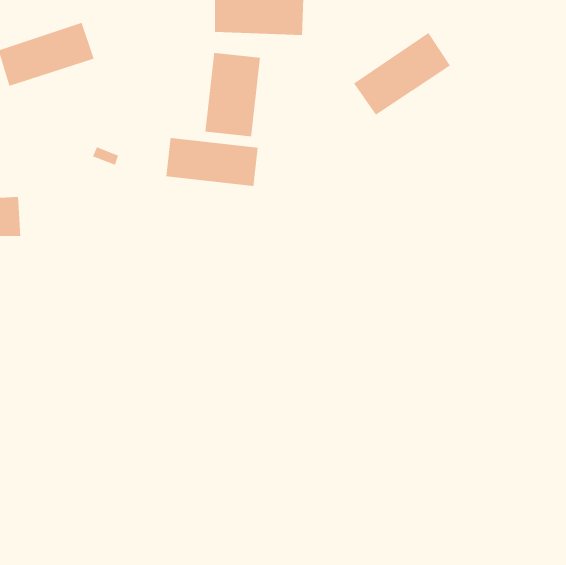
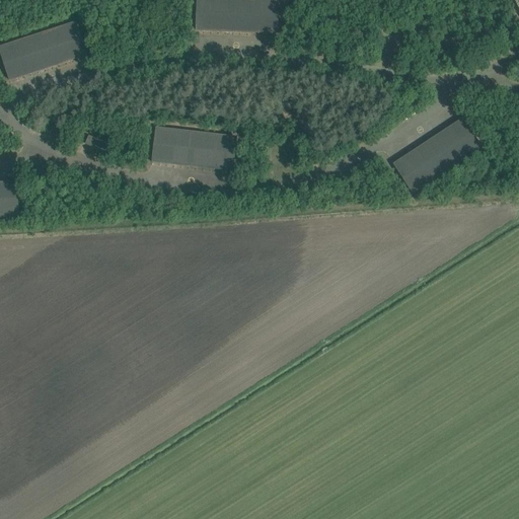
building: [353,32,451,116] -> [392,117,481,193]
building: [205,52,260,137] -> none

